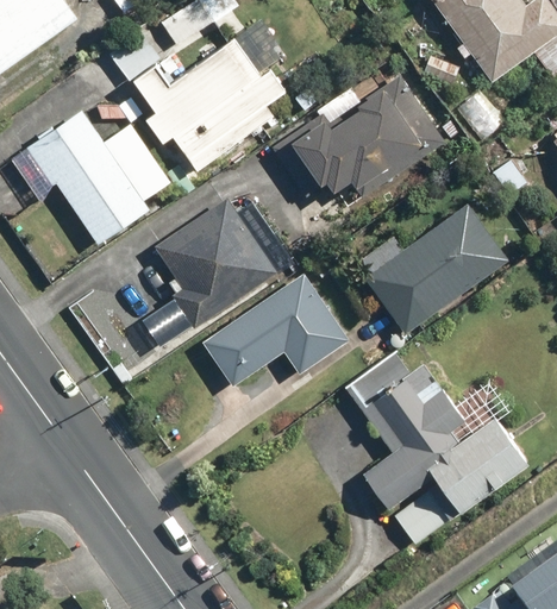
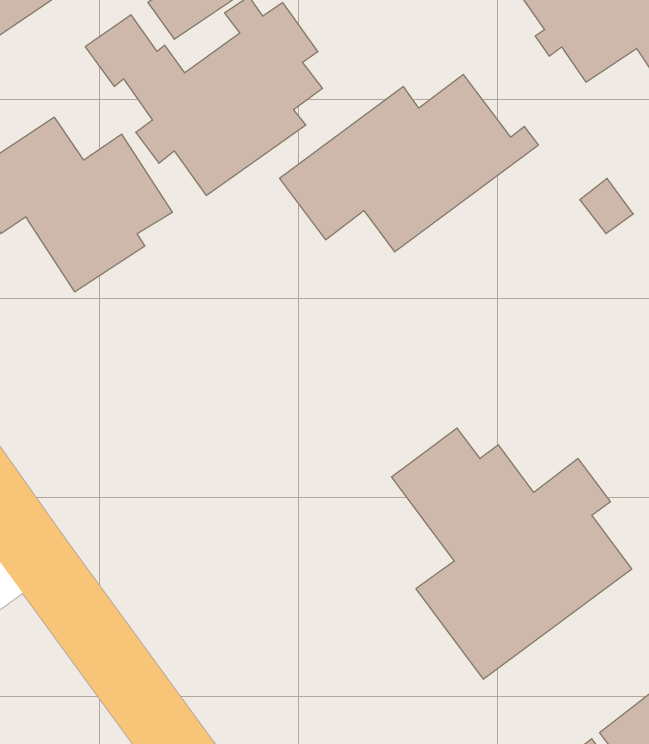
building: [152,196,294,331] -> none
building: [355,201,508,333] -> none
building: [201,274,350,388] -> none

